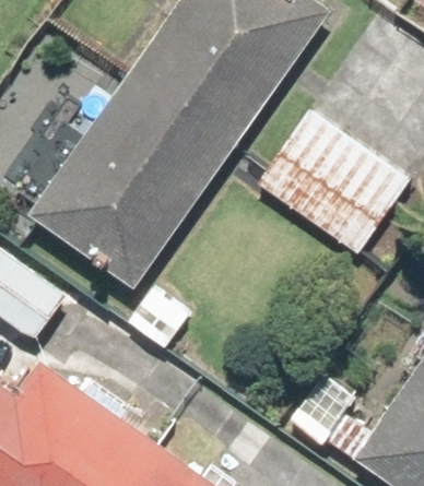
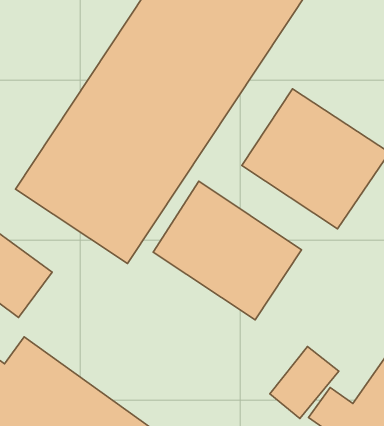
building: none -> [153,181,302,320]

